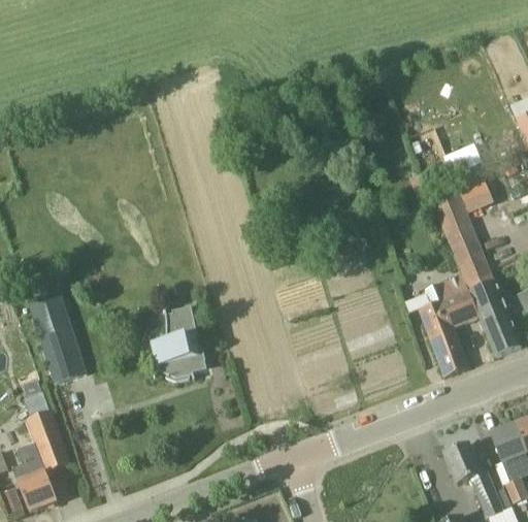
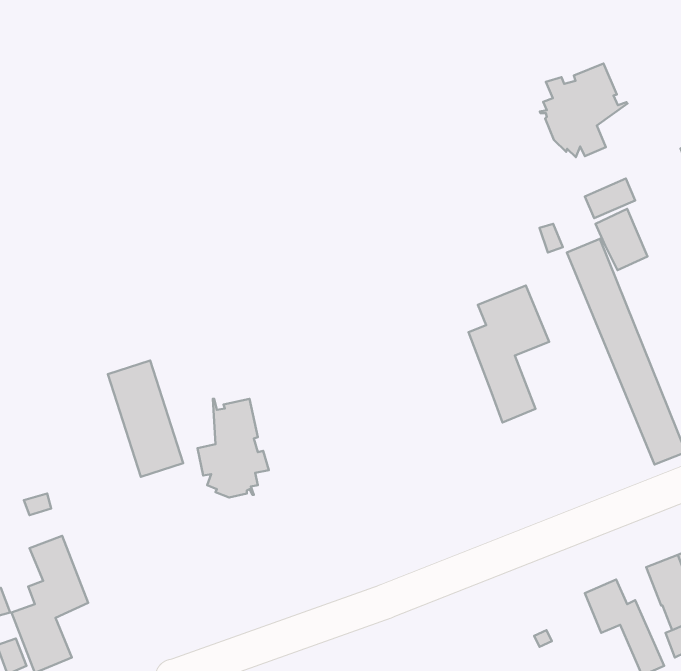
building: none -> [540,63,627,157]
building: [419,274,480,378] -> [468,286,549,422]
building: [30,295,87,383] -> [108,360,183,477]

